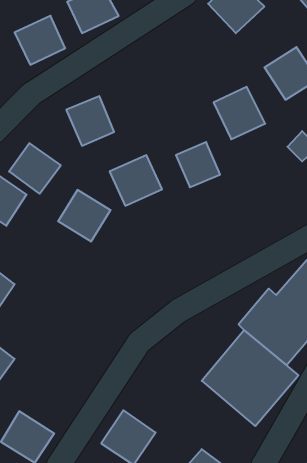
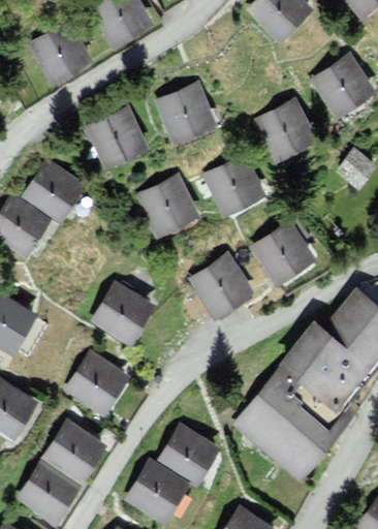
building: none -> [159,86,211,139]
building: [58,190,111,241] -> [93,282,152,340]
building: none -> [254,225,313,283]
building: none -> [191,254,253,315]
building: none -> [68,352,127,412]
building: none -> [40,421,104,484]
building: none -> [160,424,220,484]

